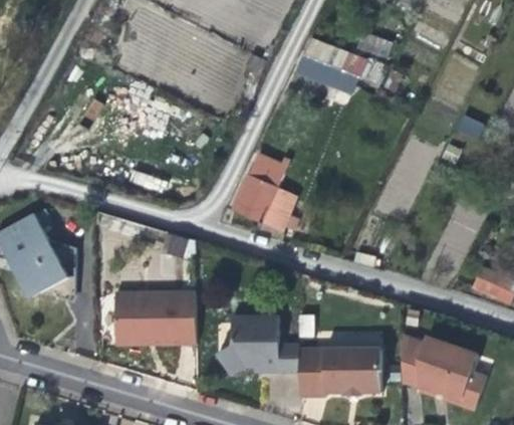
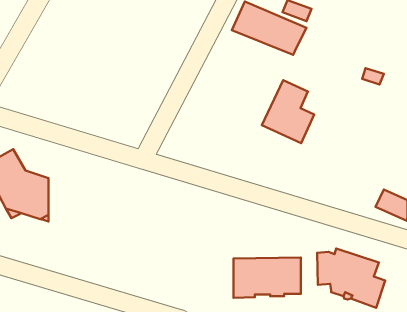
building: [232,153,296,230] -> [262,80,314,143]
building: [113,293,195,344] -> none
building: [216,315,298,375] -> none

